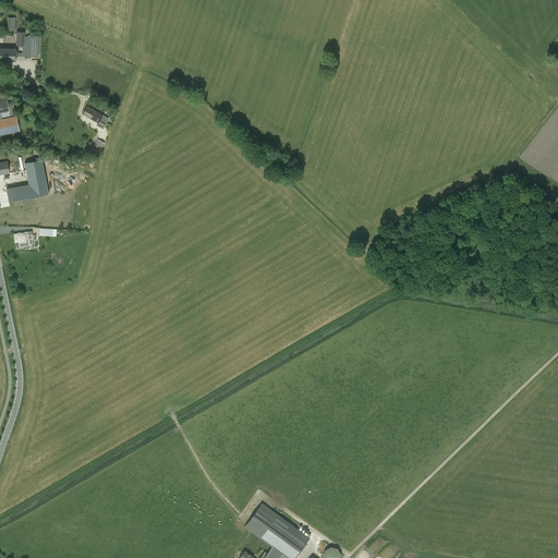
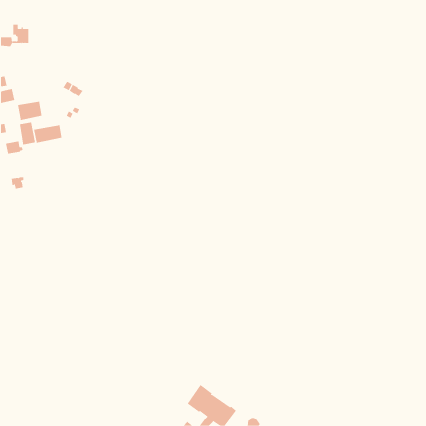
building: none -> [17,101,42,121]
building: none -> [34,124,62,144]

